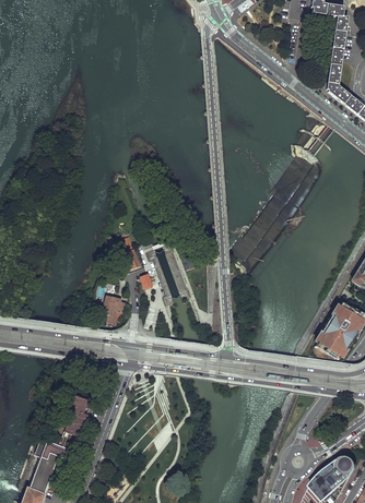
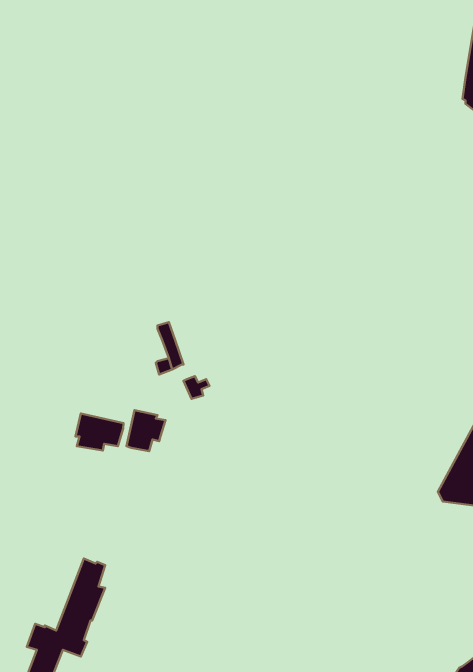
building: none -> [75,414,124,450]

